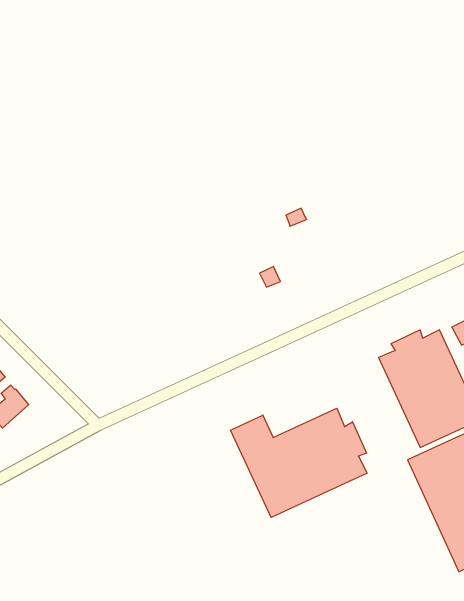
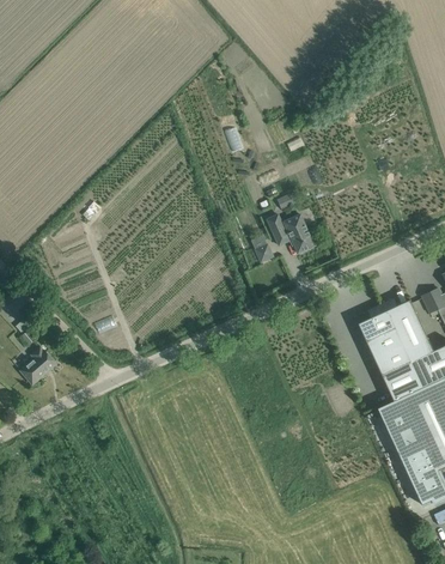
building: none -> [267,214,315,254]
building: [231,408,367,517] -> none

